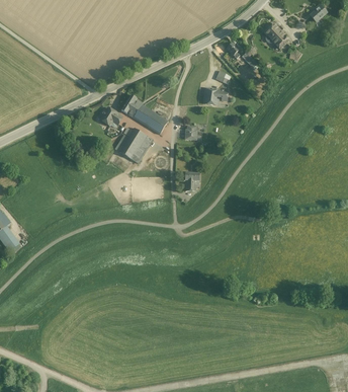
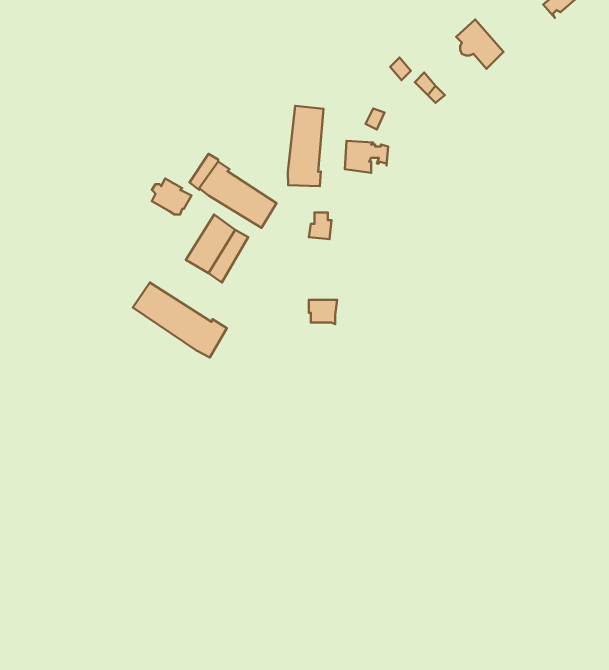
building: none -> [288,106,323,186]
building: none -> [133,283,227,358]

